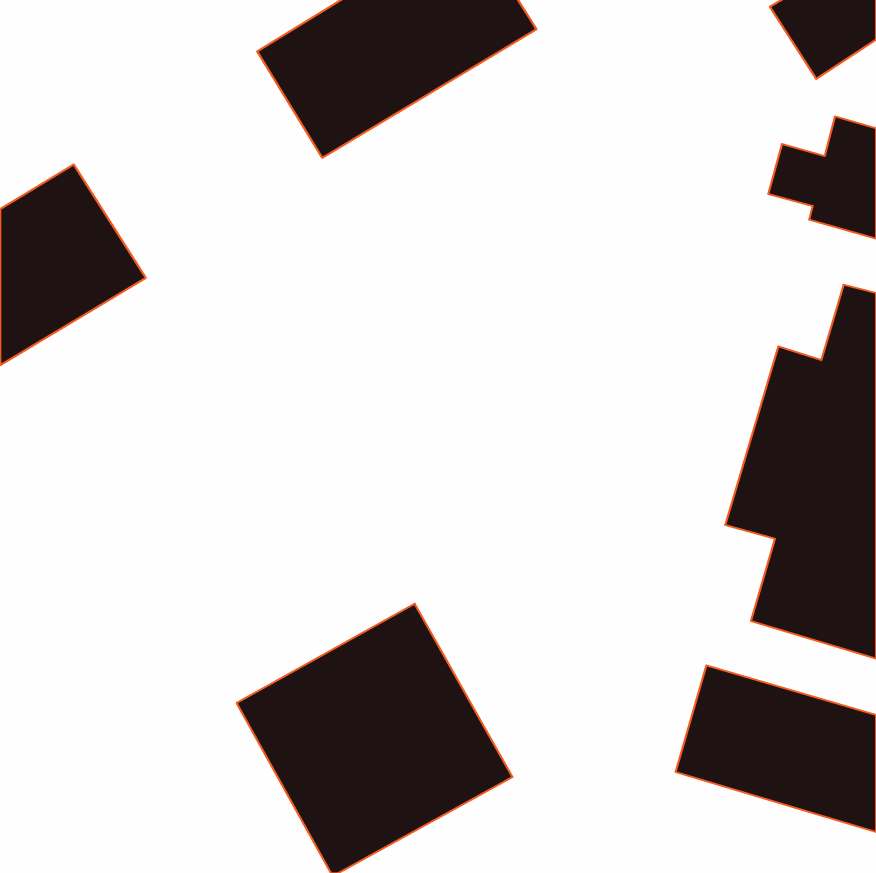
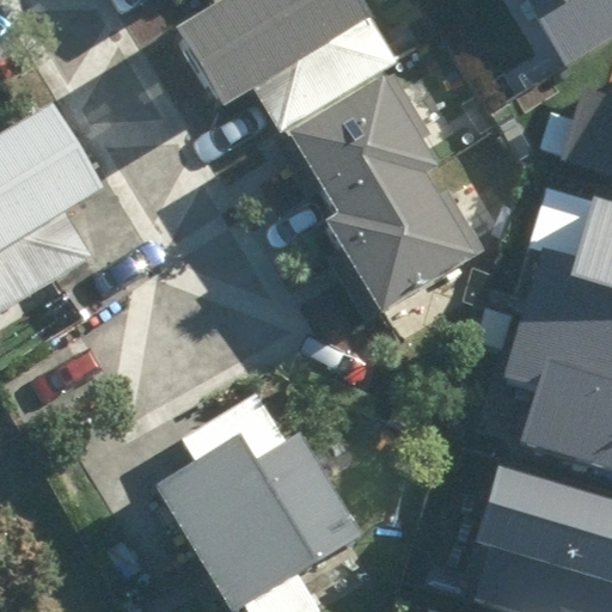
building: none -> [294,84,485,306]

